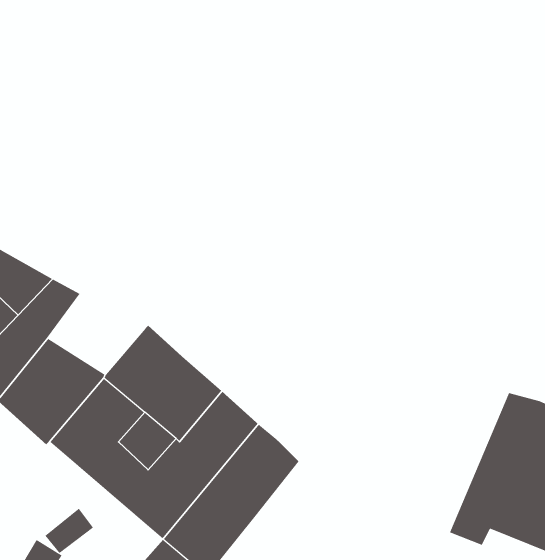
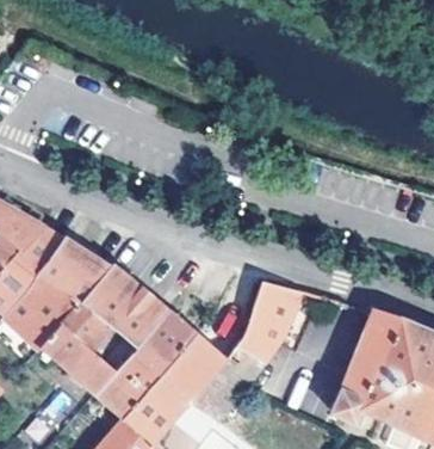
building: none -> [41,238,111,296]
building: none -> [191,279,306,424]

